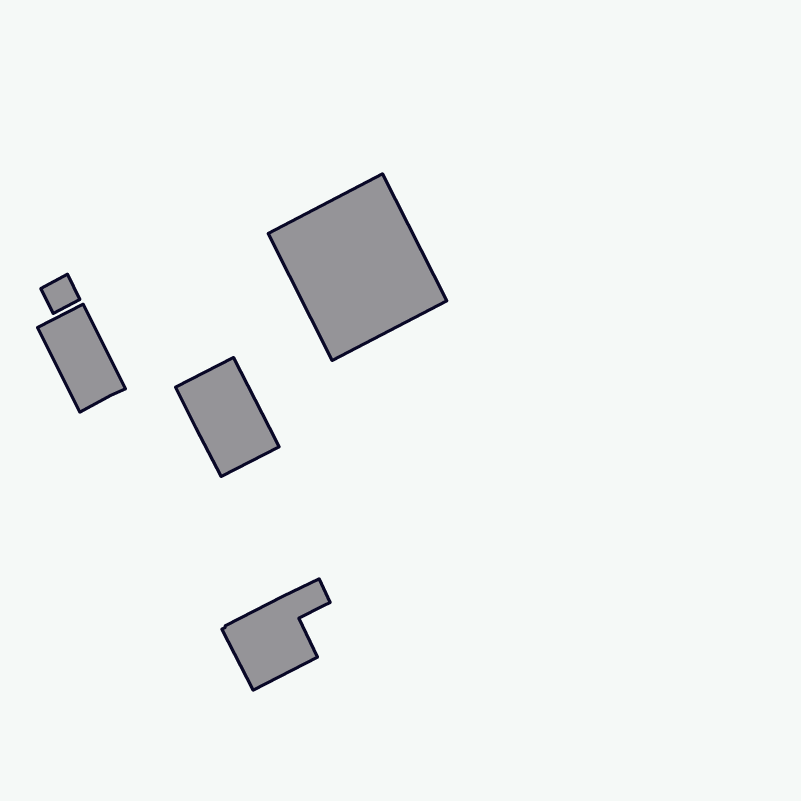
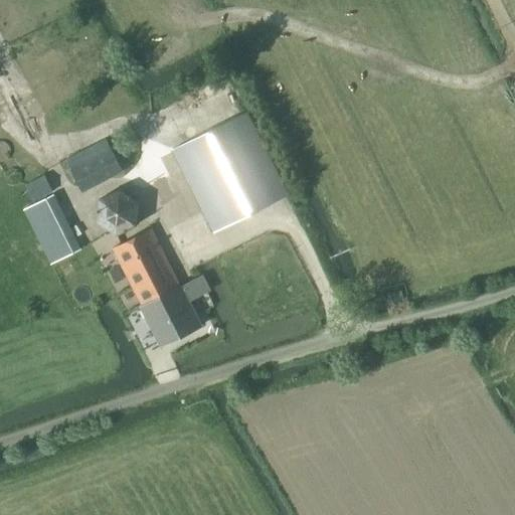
building: none -> [66,140,123,191]
building: none -> [98,189,138,234]
building: [222,579,330,690] -> [140,276,209,347]

